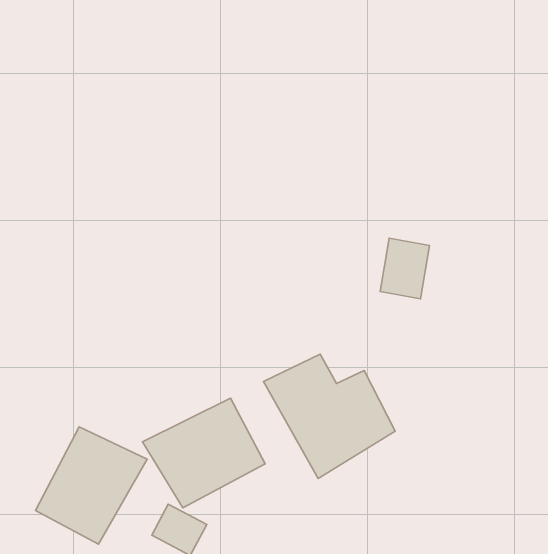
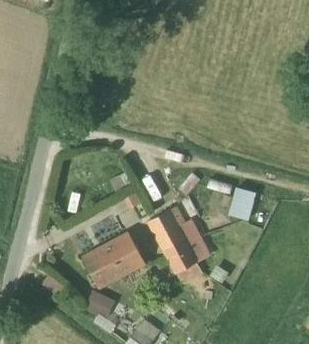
building: [380,238,430,299] -> [228,186,255,219]
building: [35,427,147,544] -> none

